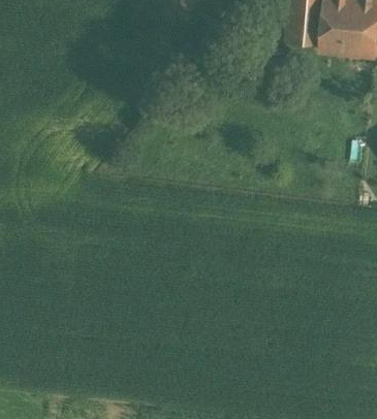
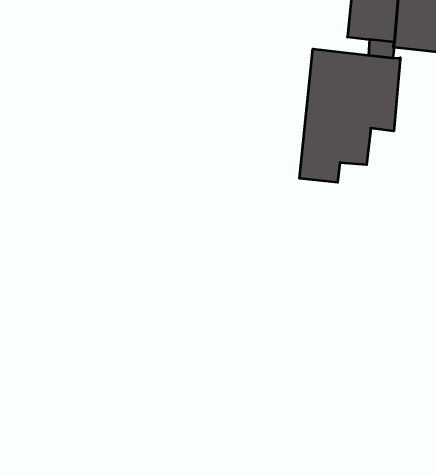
building: none -> [300,49,400,182]

